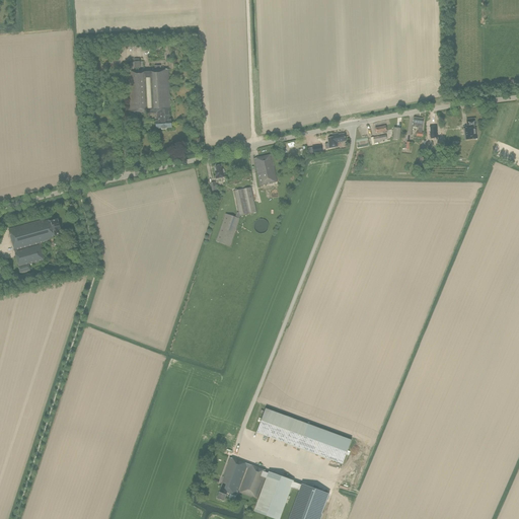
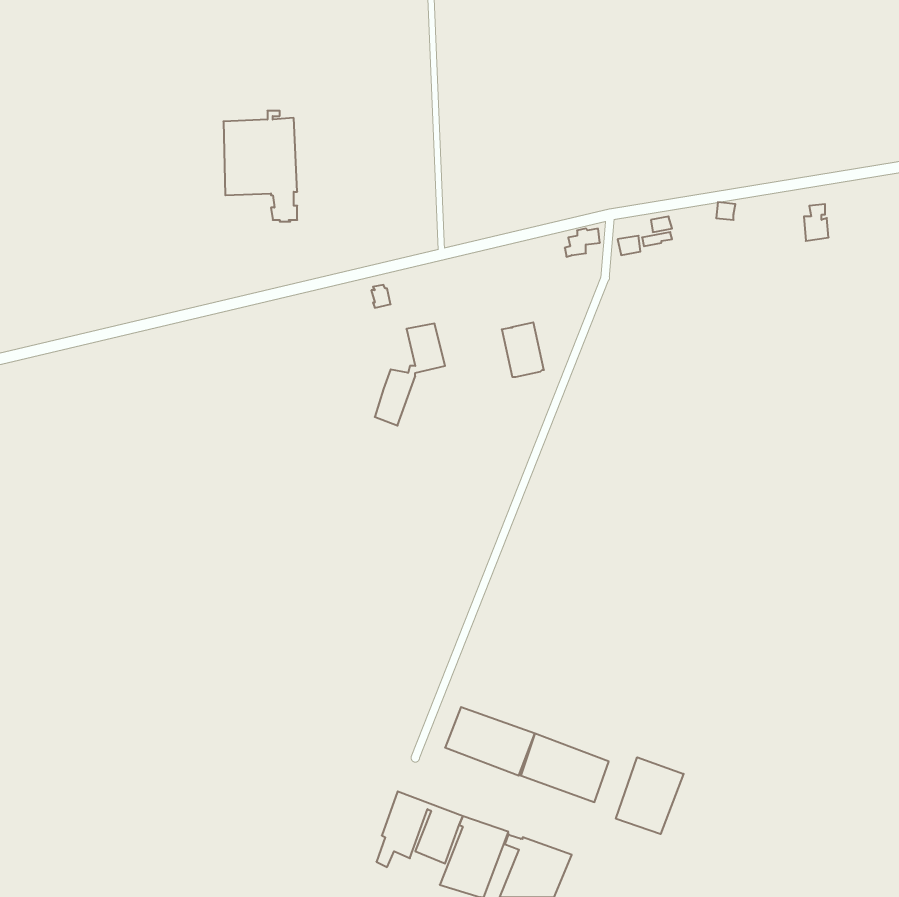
building: [253,153,278,184] -> [502,322,544,377]
building: [8,218,62,273] -> none
building: none -> [616,757,684,834]

